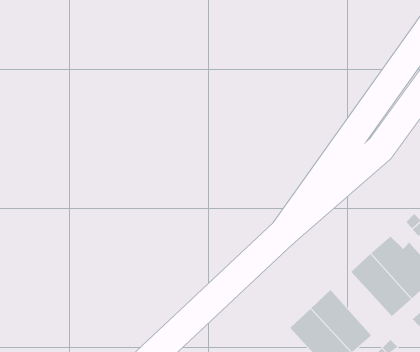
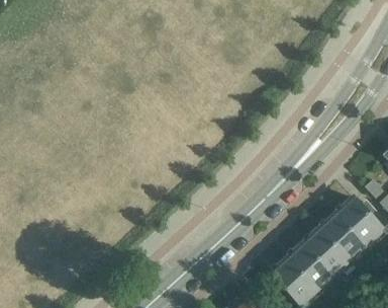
building: none -> [304,227,354,279]

